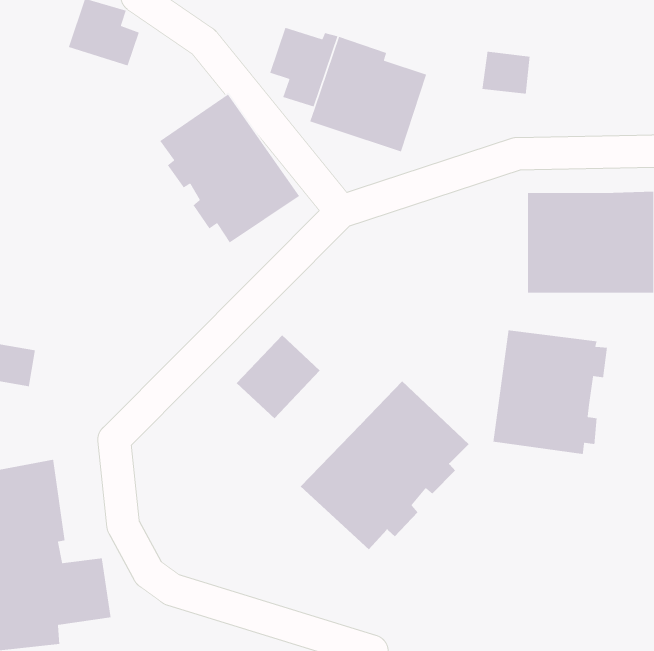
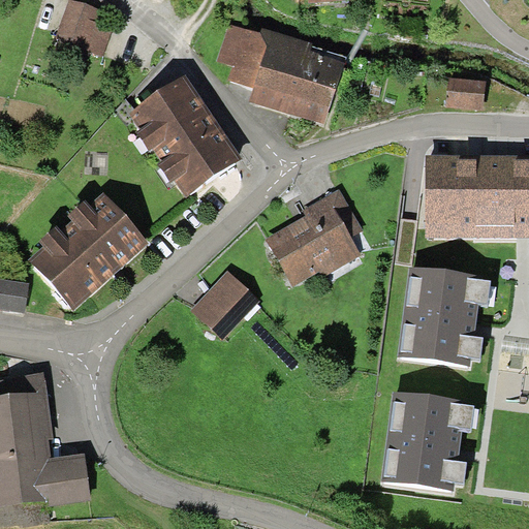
building: [482,51,530,95] -> [445,75,485,111]
building: none -> [264,187,362,285]
building: none -> [30,192,148,309]
building: [300,380,470,550] -> none
building: none -> [380,392,473,492]

